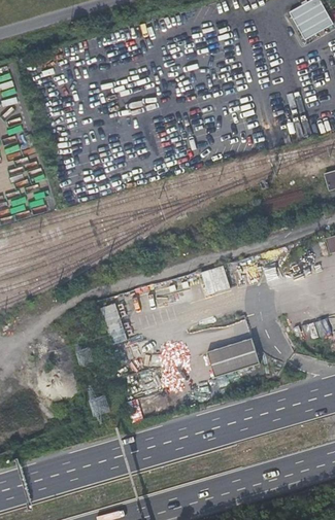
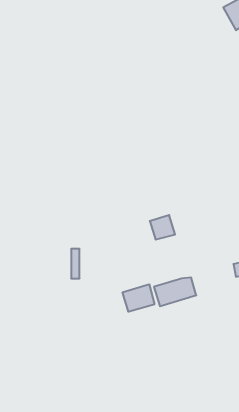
building: none -> [123,284,154,312]

